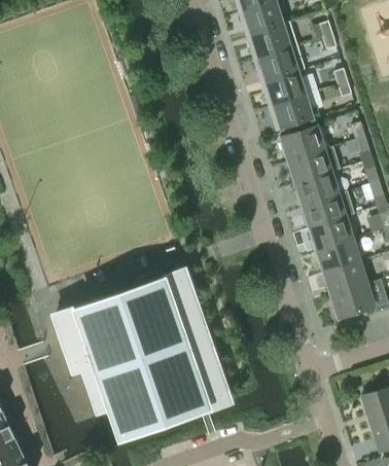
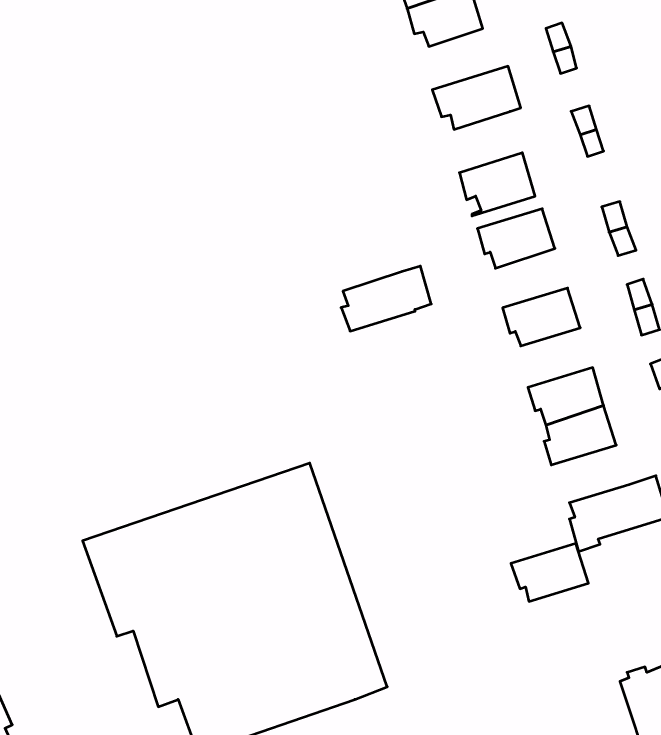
building: [250,23,297,60] -> none
building: [264,72,306,107] -> none
building: [289,147,341,184] -> [341,266,431,331]
building: [304,192,355,229] -> none
building: [322,262,366,295] -> [511,544,588,601]

